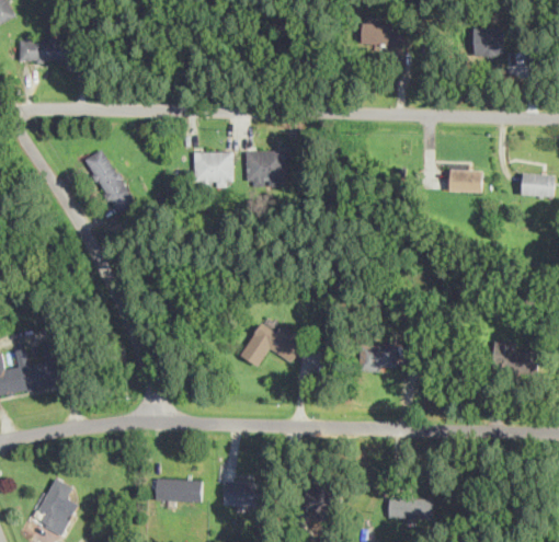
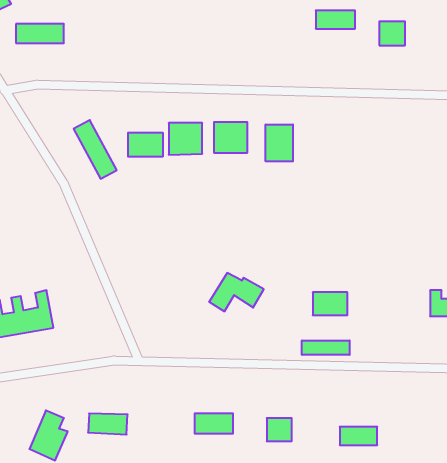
building: [472,28,502,56] -> [379,21,405,45]
building: none -> [266,124,293,161]
building: none -> [128,133,163,157]
building: [448,170,481,192] -> none
building: none -> [302,340,350,355]
building: [155,480,199,504] -> [88,413,128,435]

